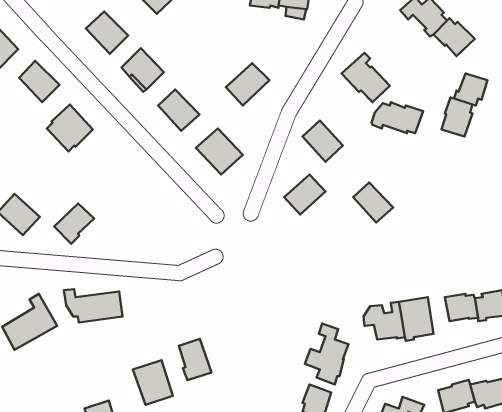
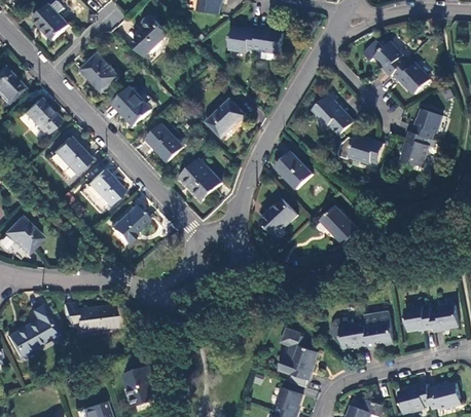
building: none -> [85,169,120,204]
building: [54,204,94,244] -> [109,206,145,242]
building: [179,339,212,380] -> none

